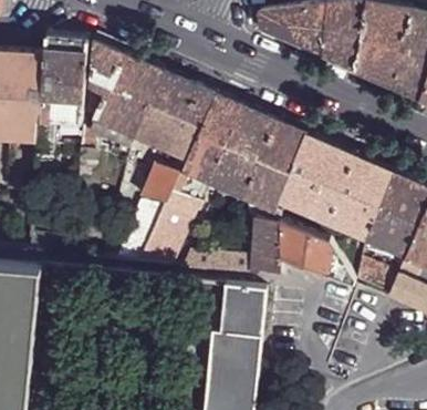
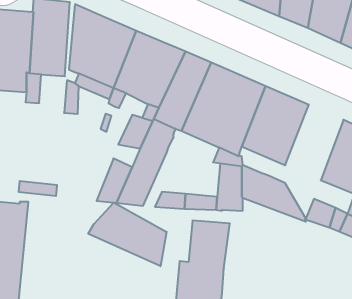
building: [327,155,393,239] -> none
building: none -> [88,203,167,266]

